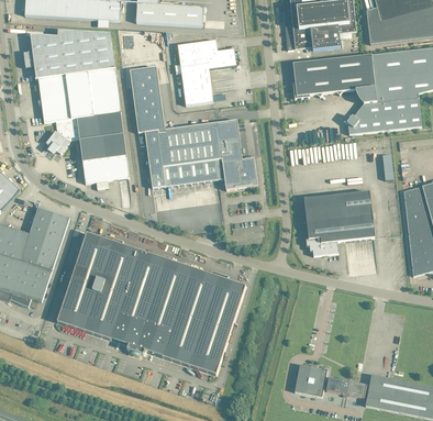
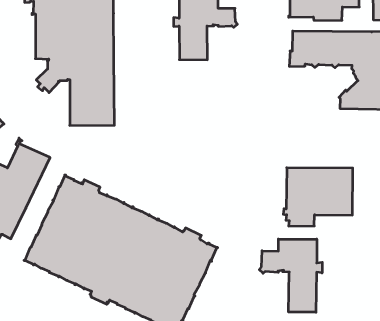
building: [129,66,257,189] -> none
building: none -> [259,239,322,312]

